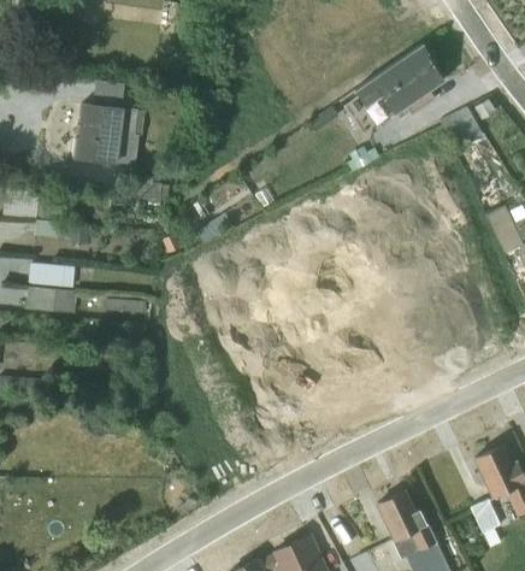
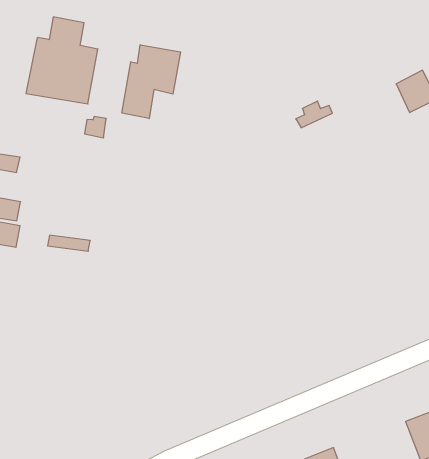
building: [355,47,444,116] -> none
building: none -> [122,45,181,119]

